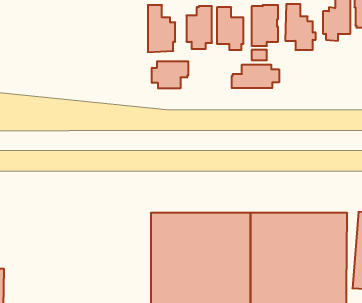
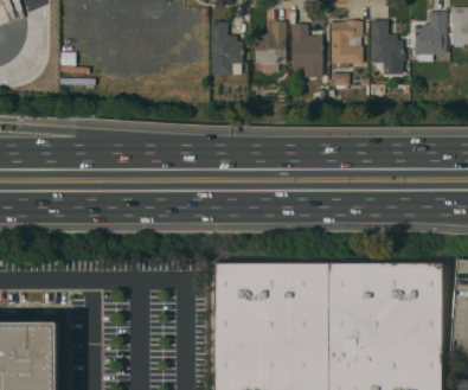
building: [152,61,188,88] -> none
building: [232,65,279,88] -> none

